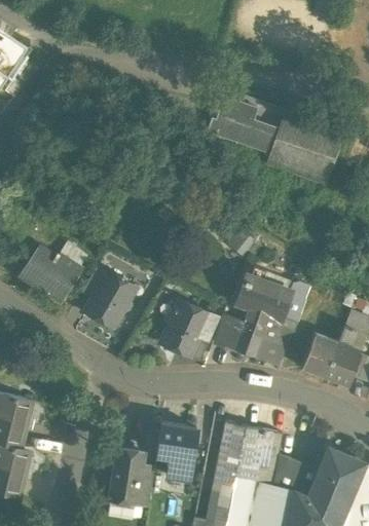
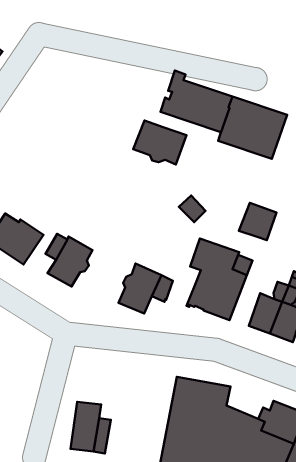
building: none -> [133,120,186,165]
building: none -> [239,203,276,240]
building: [213,314,244,345] -> none
building: [156,423,196,478] -> none

